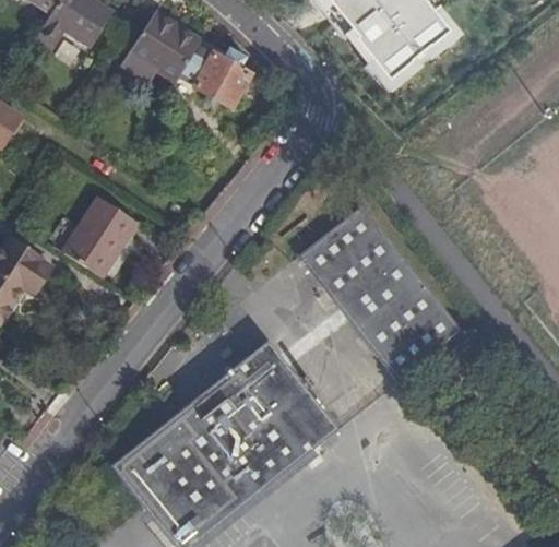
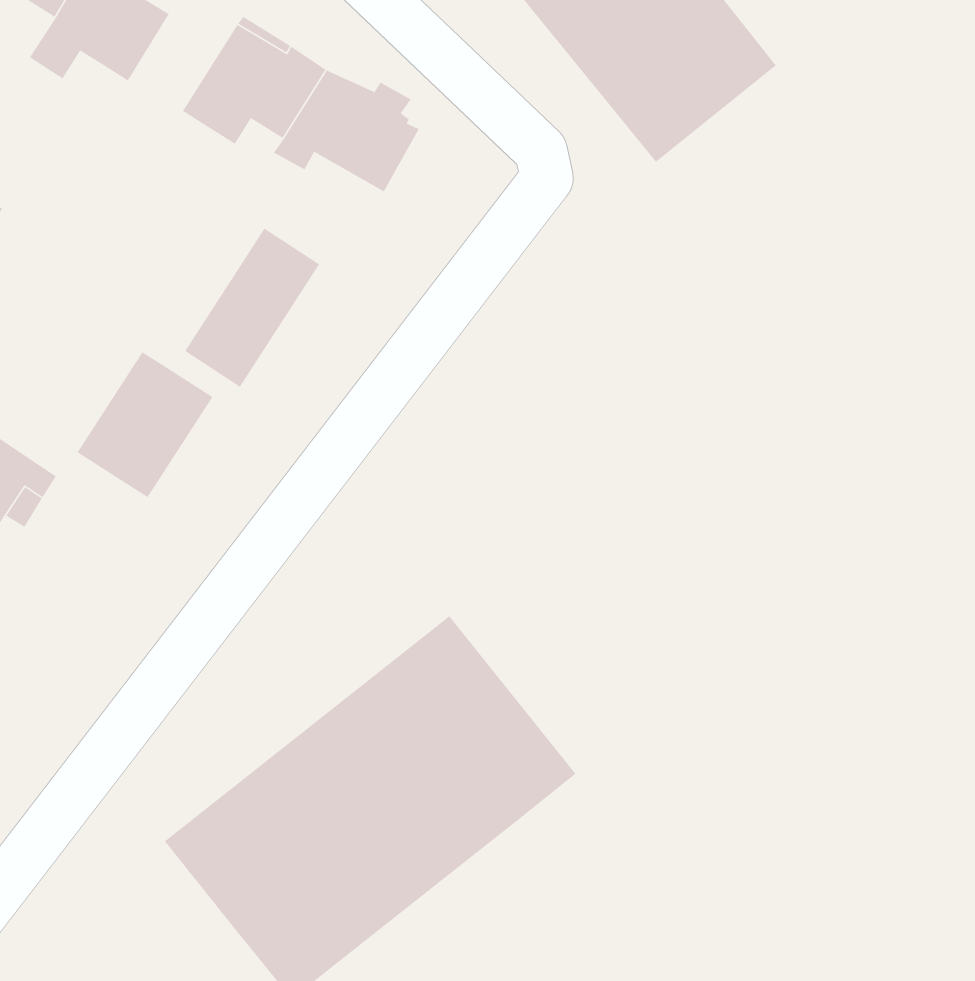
building: none -> [184,227,320,388]
building: [299,205,463,382] -> none

